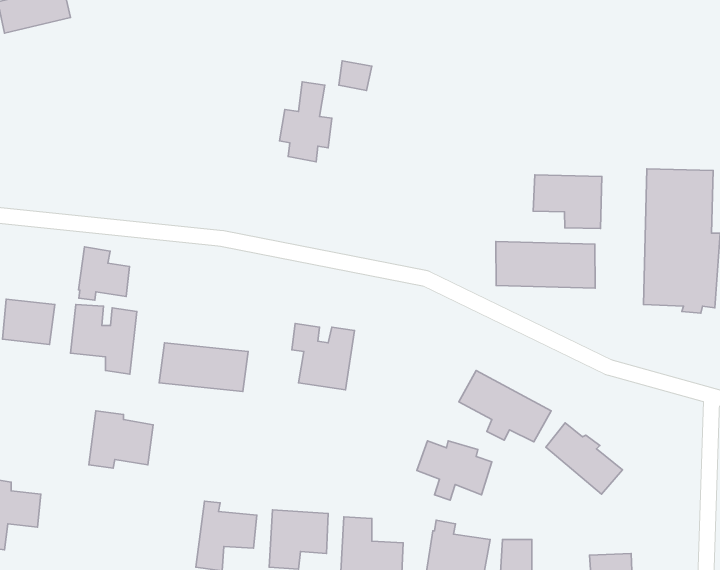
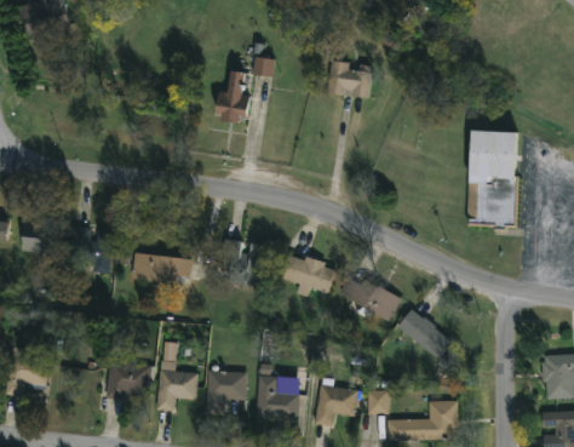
building: none -> [326,61,372,99]
building: [533,175,602,229] -> none
building: [496,242,595,288] -> none
building: [78,247,129,300] -> none
building: [89,411,153,468] -> [104,361,149,401]
building: [417,441,492,500] -> [283,257,335,298]

